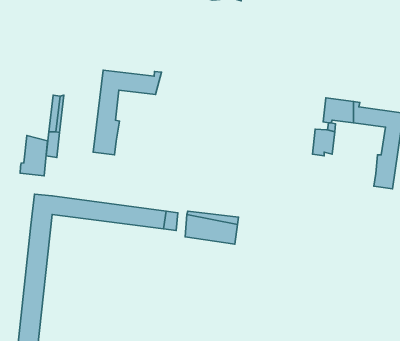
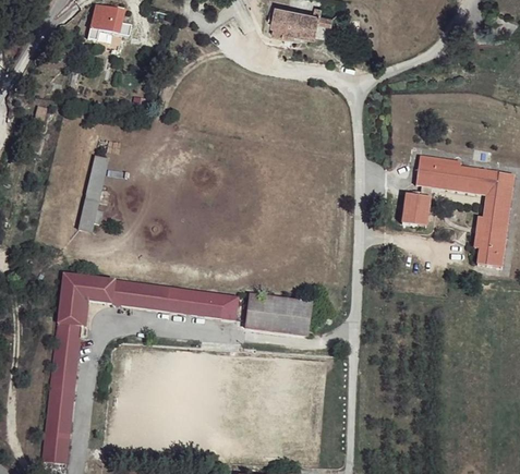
building: [93,70,162,155] -> none
building: none -> [454,186,493,248]
building: [20,136,47,176] -> none

